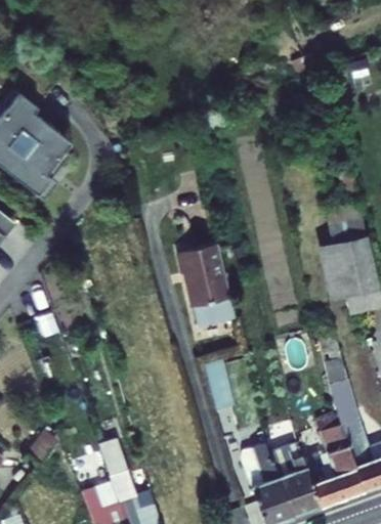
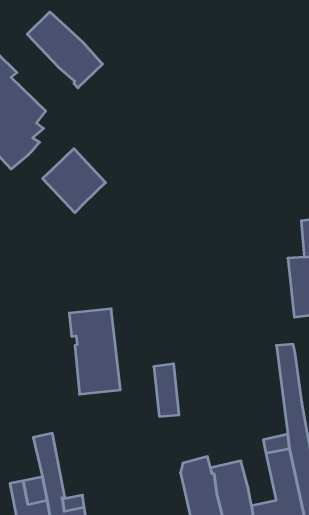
building: none -> [27,12,103,88]
building: none -> [43,149,106,213]
building: [177,245,235,329] -> [69,309,120,394]

